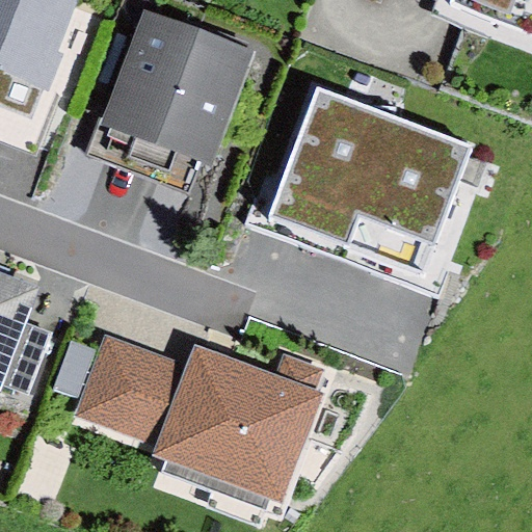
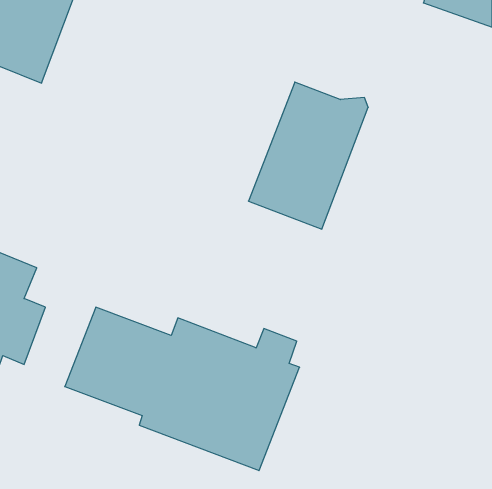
building: [99,9,252,167] -> none
building: [346,115,471,274] -> none

